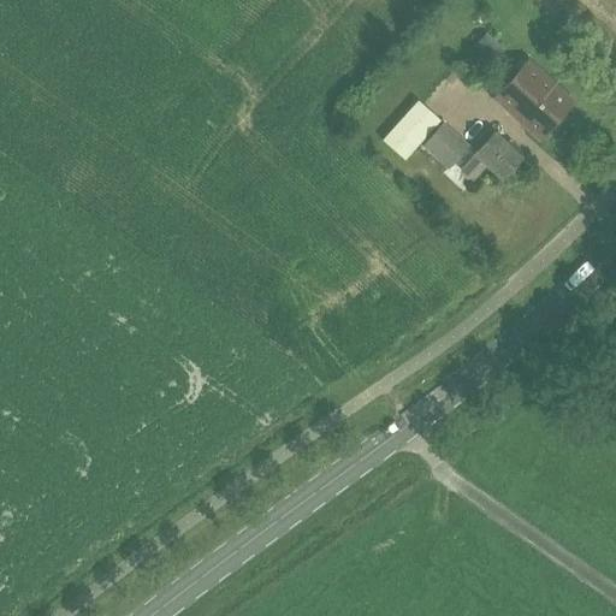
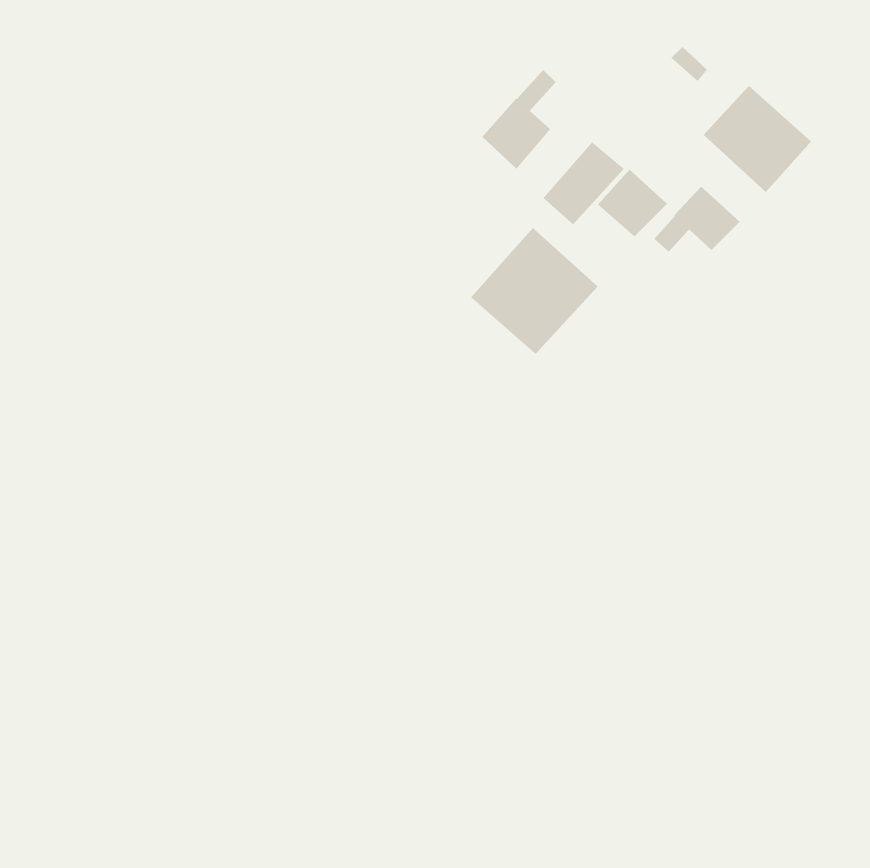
building: none -> [481,69,557,169]
building: none -> [470,227,598,355]

